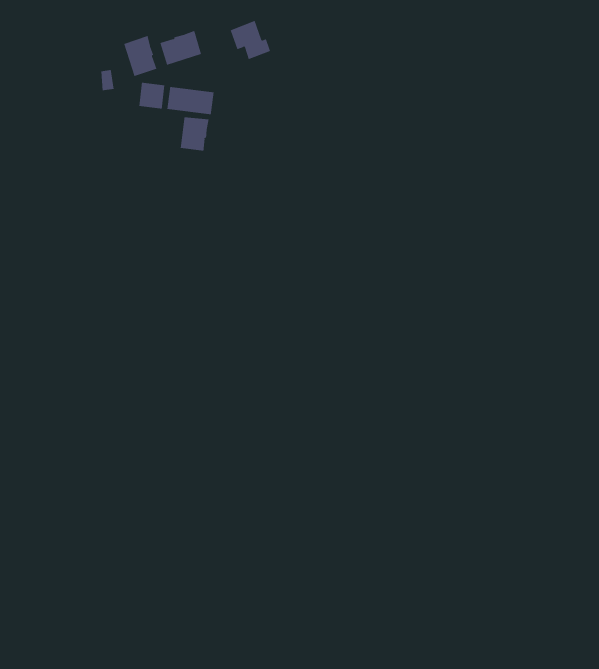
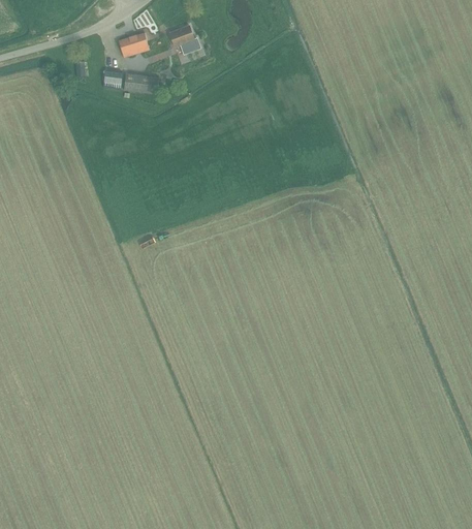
building: [123,35,157,77] -> none
building: [180,116,209,151] -> none

